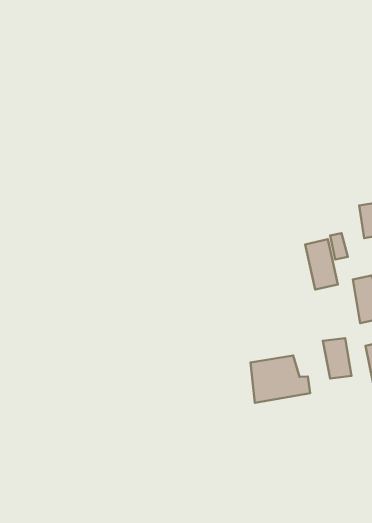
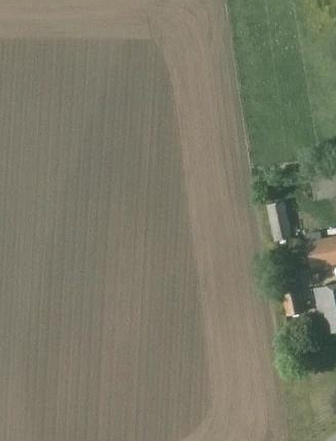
building: [250,356,310,403] -> none

